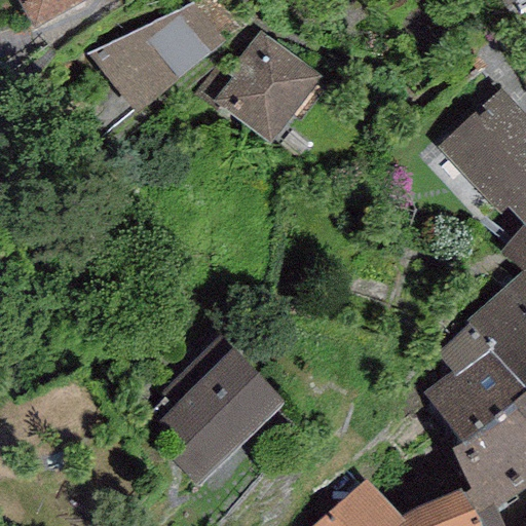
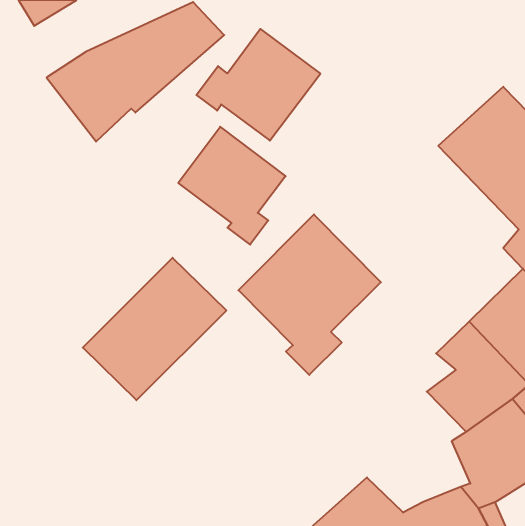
building: none -> [178,127,286,245]
building: none -> [238,214,381,375]
building: [144,345,287,487] -> [83,258,226,400]

